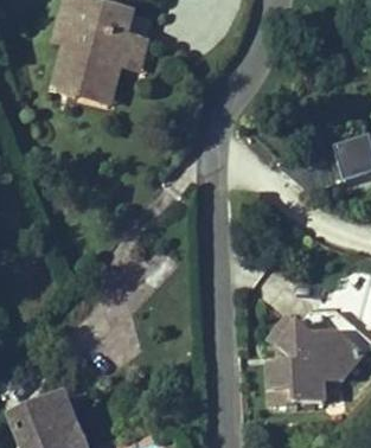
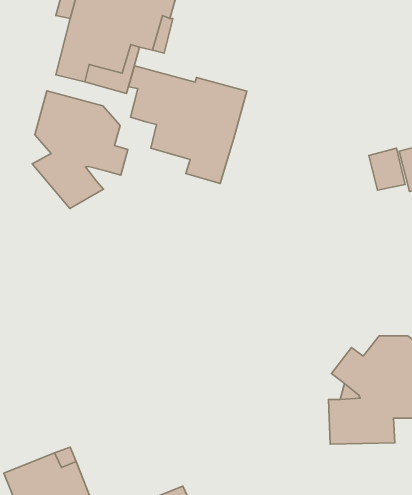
building: none -> [129,66,247,183]
building: none -> [32,91,128,209]

